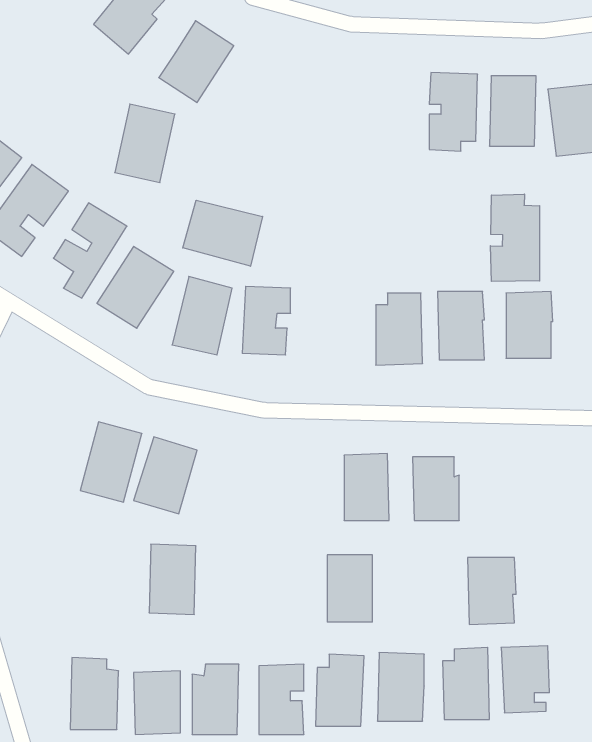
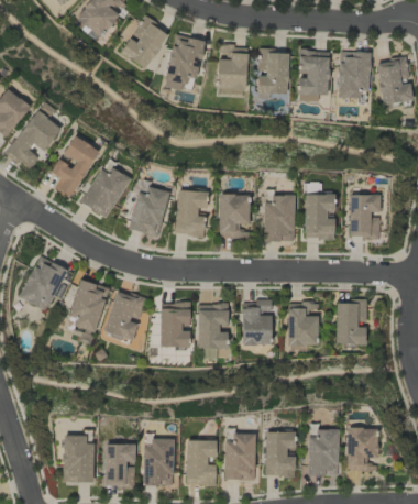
building: none -> [217,45,248,96]
building: none -> [257,50,289,94]
building: [115,104,175,183] -> [165,34,205,86]
building: [490,194,540,281] -> none
building: [183,200,263,266] -> none
building: none -> [219,194,249,237]
building: none -> [20,256,65,310]
building: [149,544,196,614] -> [160,302,190,348]
building: [327,555,372,622] -> [198,304,228,348]
building: [468,558,516,624] -> [336,300,367,344]

